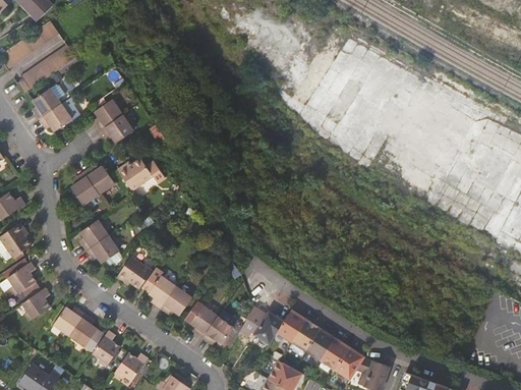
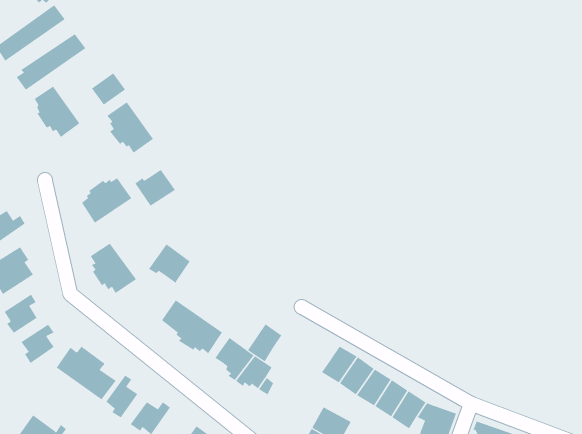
building: none -> [91,72,126,106]
building: [116,255,152,288] -> [148,244,190,283]
building: [252,310,282,342] -> [247,324,282,362]

